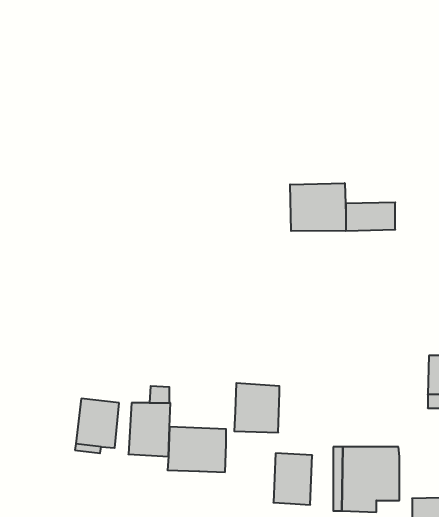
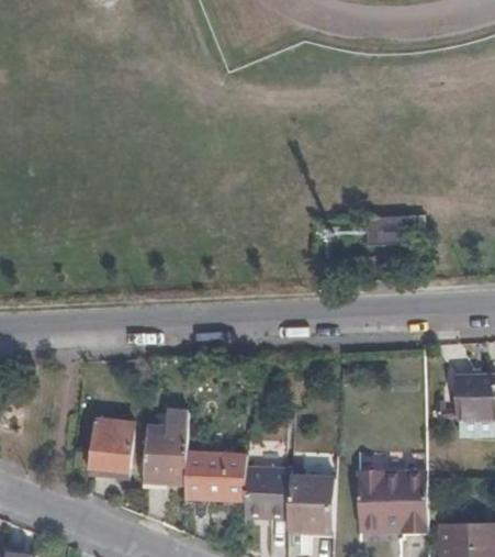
building: [290,183,346,231] -> none
building: [234,383,279,432] -> [244,468,291,520]

